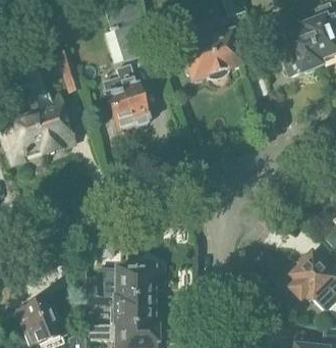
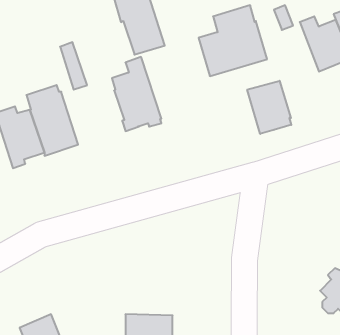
building: none -> [247,81,291,134]
building: [87,262,160,302] -> none

